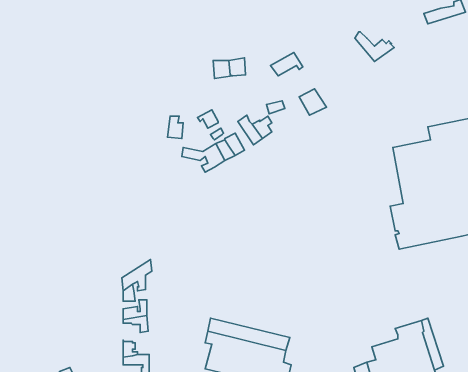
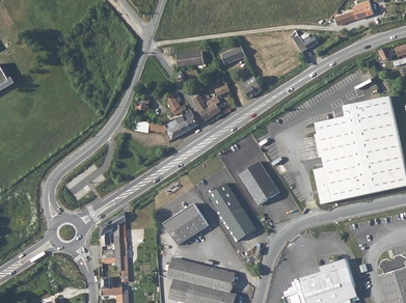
building: none -> [238,160,278,204]
building: none -> [208,182,255,240]
building: none -> [163,202,208,244]

